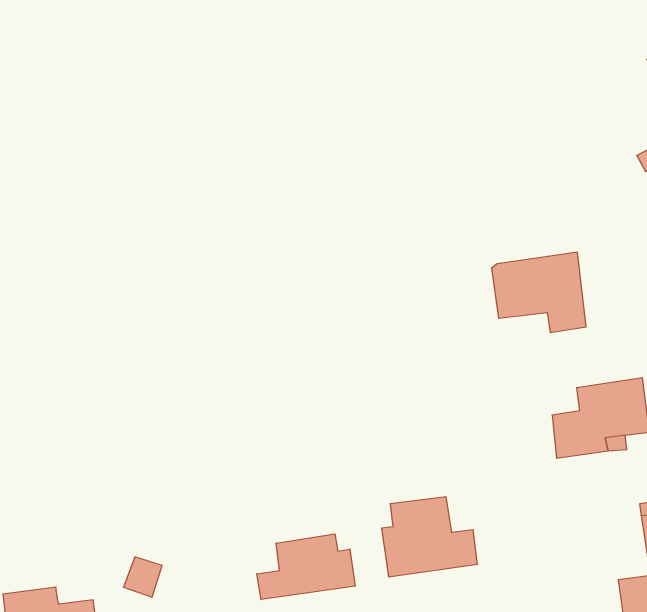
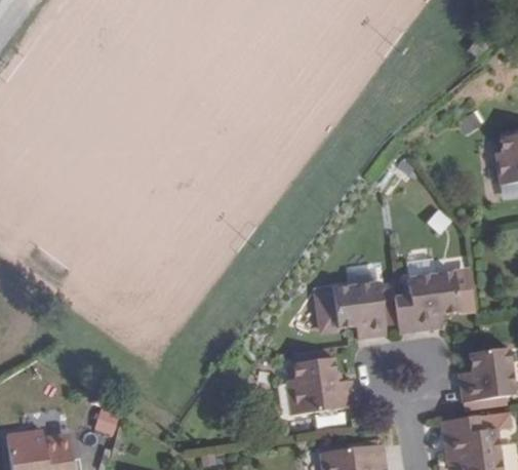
building: [491,252,586,333] -> [319,280,387,338]
building: [257,534,355,600] -> none

